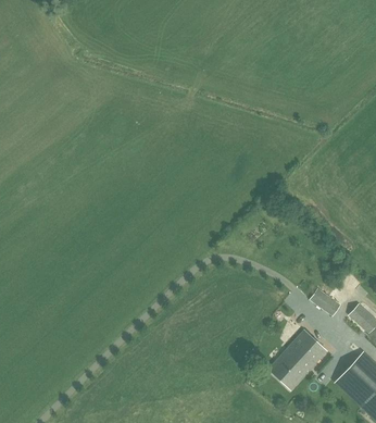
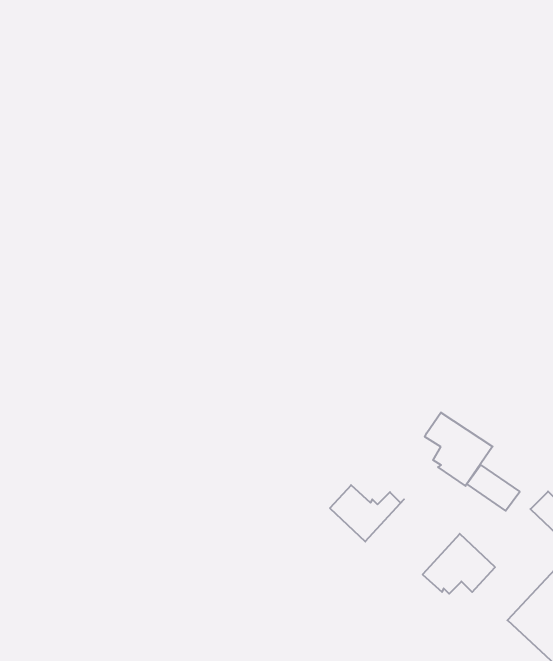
building: none -> [425,412,493,486]
building: [268,354,314,389] -> [330,485,404,542]

